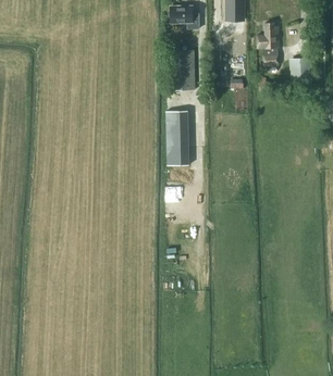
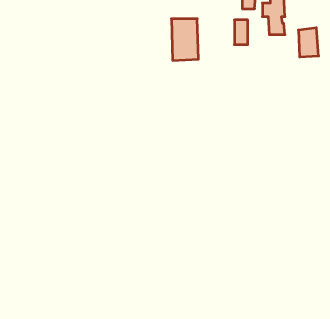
building: [168,109,190,163] -> none

